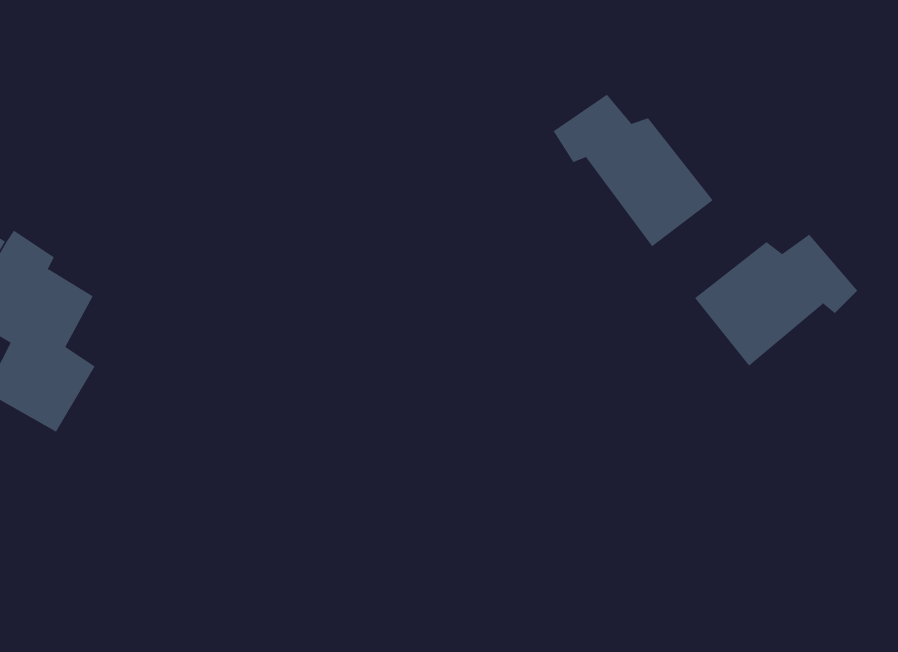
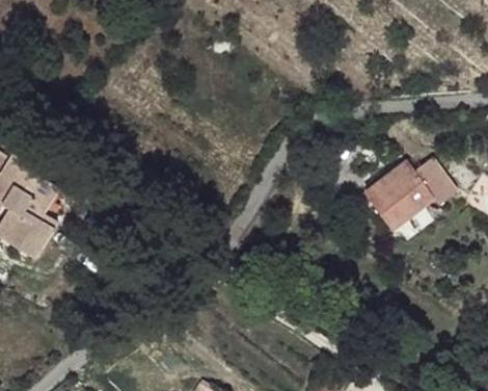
building: [553,94,713,247] -> none

